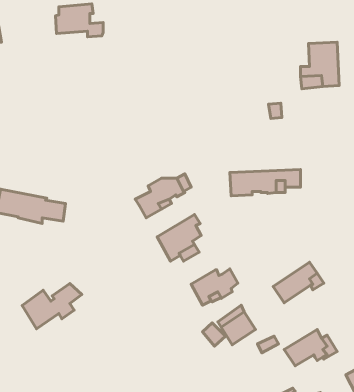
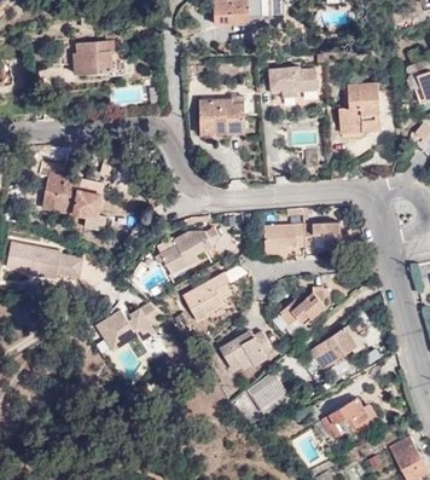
building: none -> [269,66,318,97]
building: none -> [201,93,246,137]
building: none -> [42,173,103,219]
building: none -> [277,284,330,326]
building: [22,284,82,329] -> [98,302,163,352]

